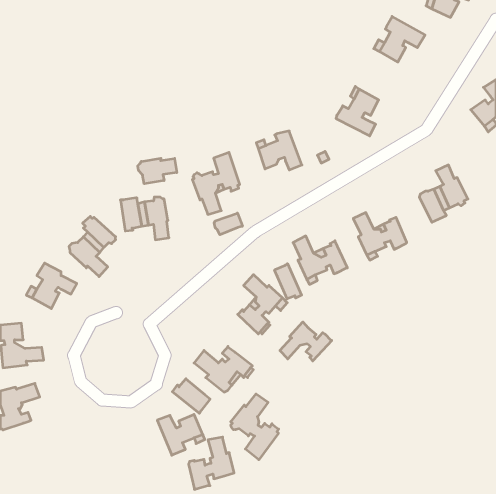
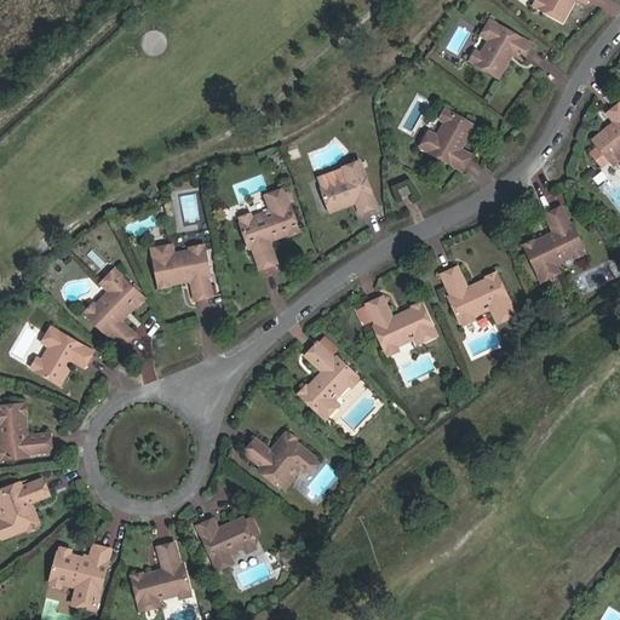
building: [138,158,177,184] -> none
building: [214,213,242,235] -> none
building: [275,264,302,299] -> none
building: [280,322,332,361] -> none
building: [172,379,210,413] -> none
building: [231,394,279,460] -> none
building: none -> [48,545,110,605]
building: [189,437,234,489] -> [132,544,189,609]

